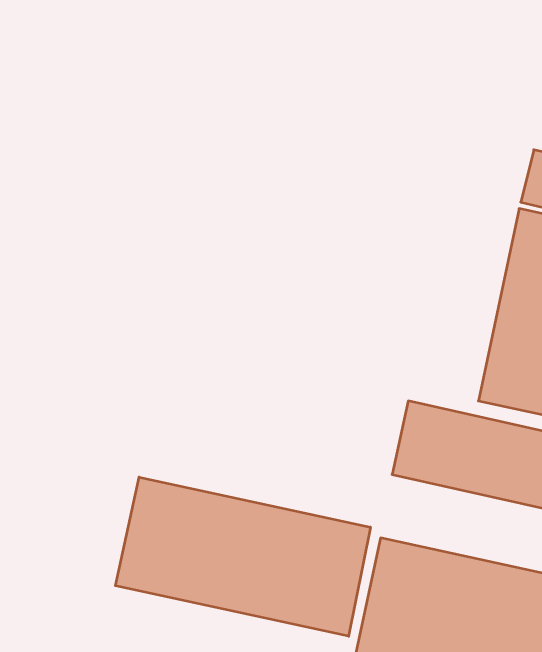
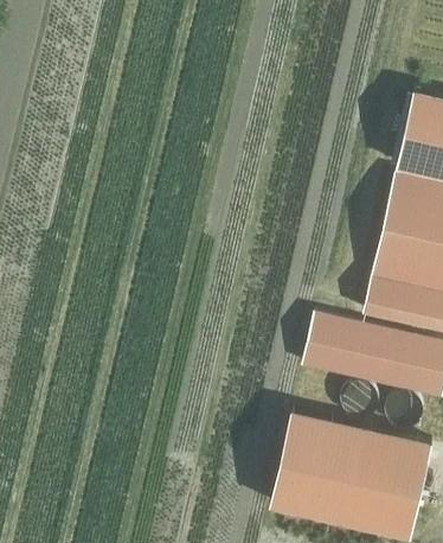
building: [115,477,370,636] -> none

